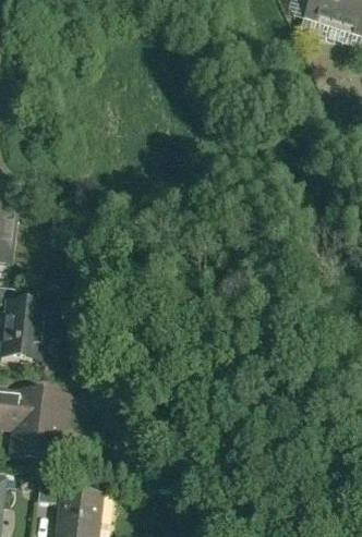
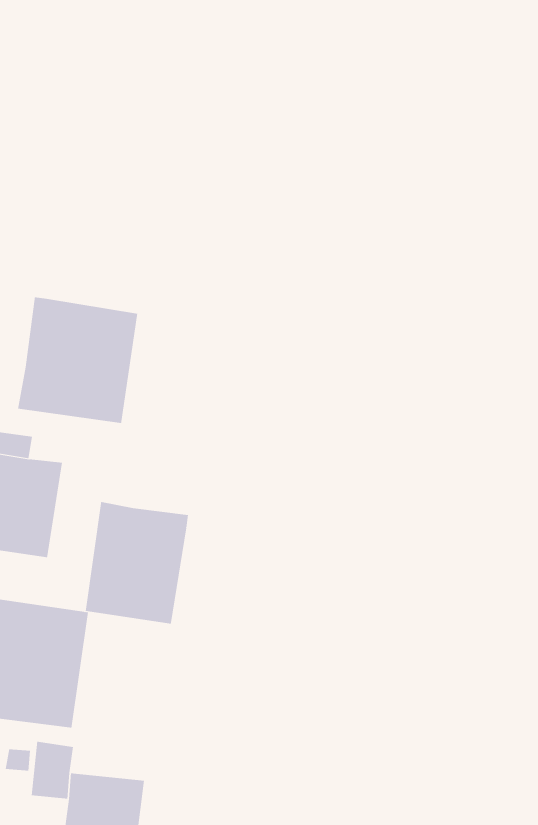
building: none -> [17,296,138,424]
building: none -> [85,501,189,624]

